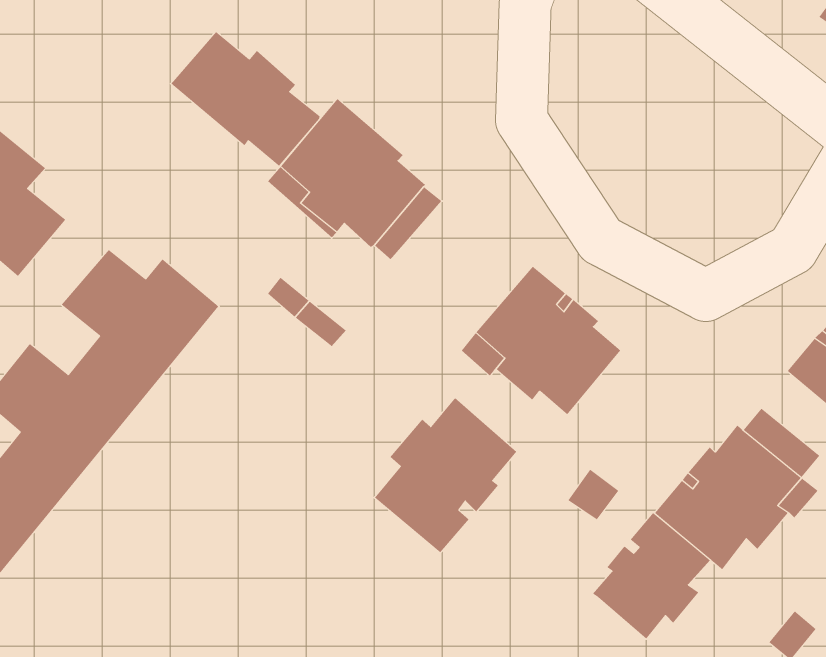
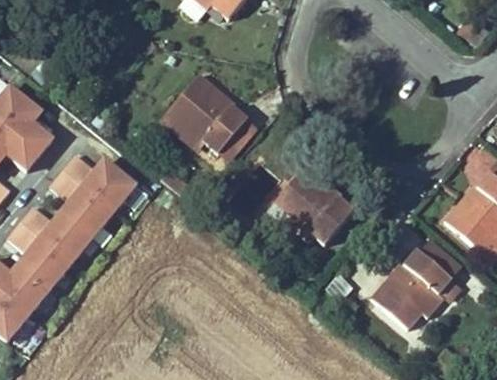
building: [171,31,320,167] -> none
building: [374,397,517,553] -> none
building: [592,512,711,639] -> none

